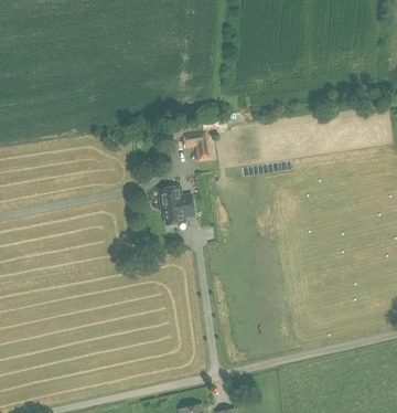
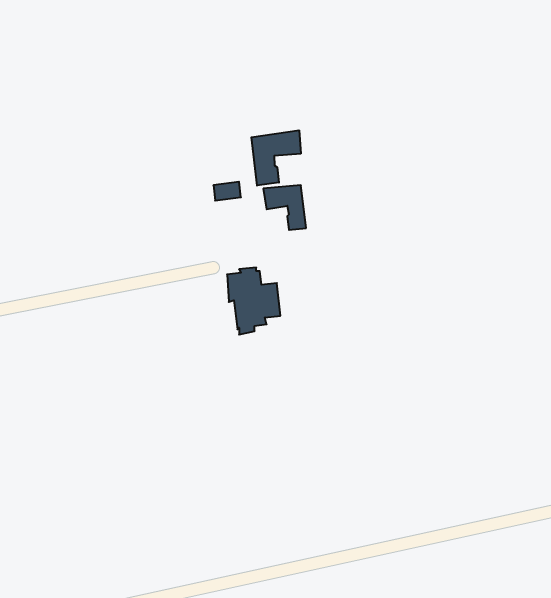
building: none -> [251,130,301,186]

